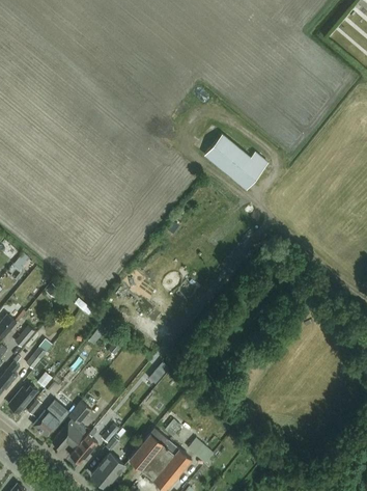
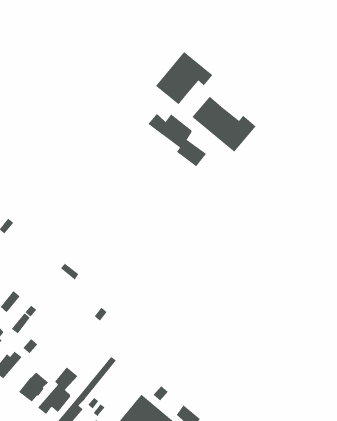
building: none -> [155,51,213,105]
building: none -> [148,113,207,167]

